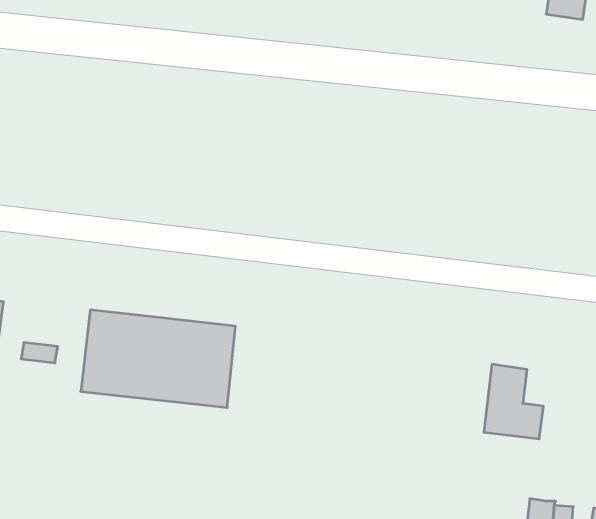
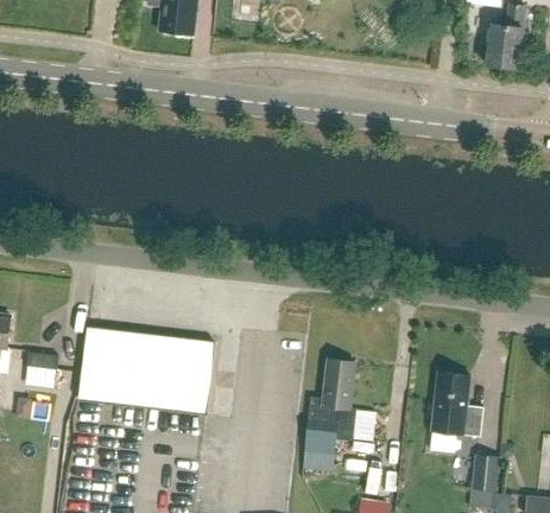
building: none -> [303,359,355,467]
building: none -> [472,454,500,492]

